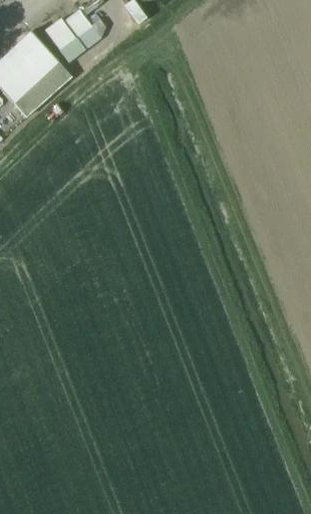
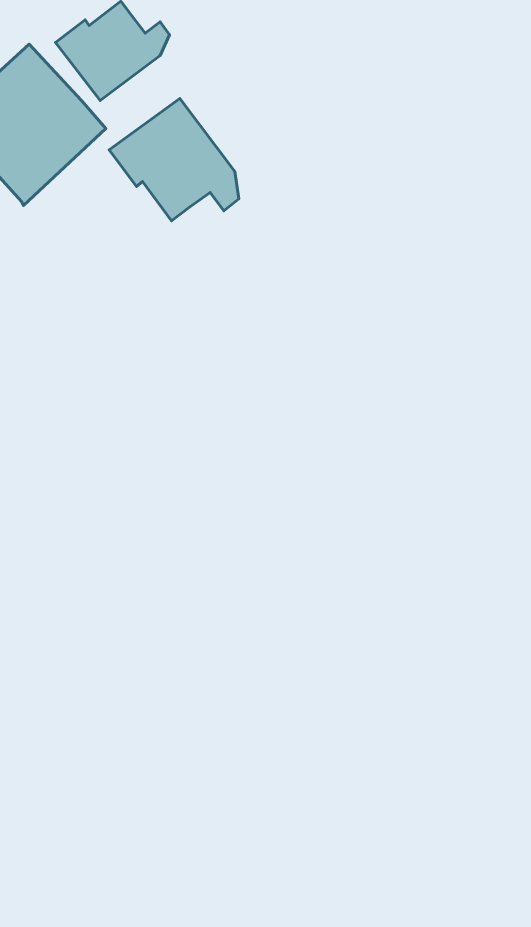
building: none -> [109,99,239,221]

